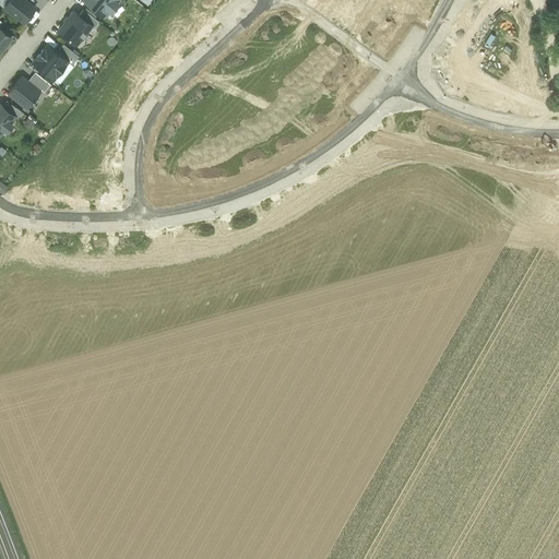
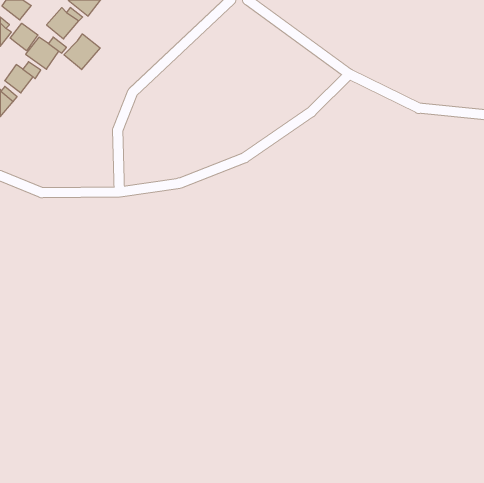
building: none -> [10,23,38,51]
building: none -> [64,34,100,70]

